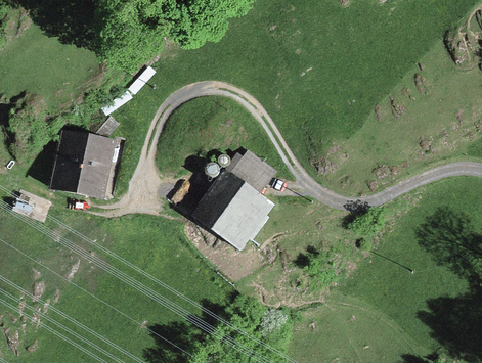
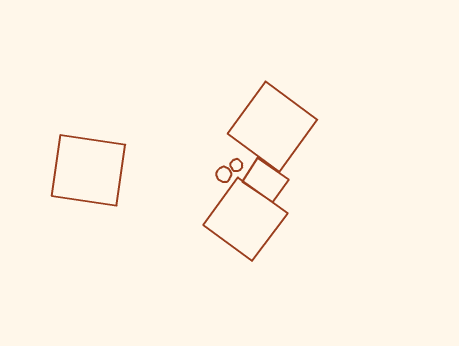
building: none -> [228,81,317,172]

